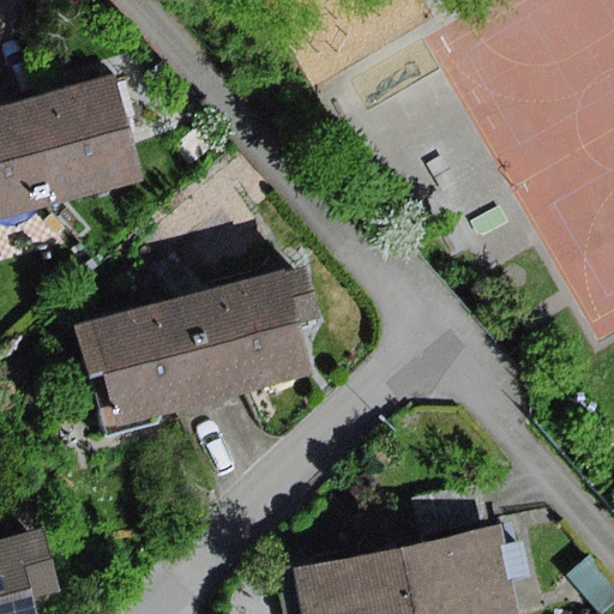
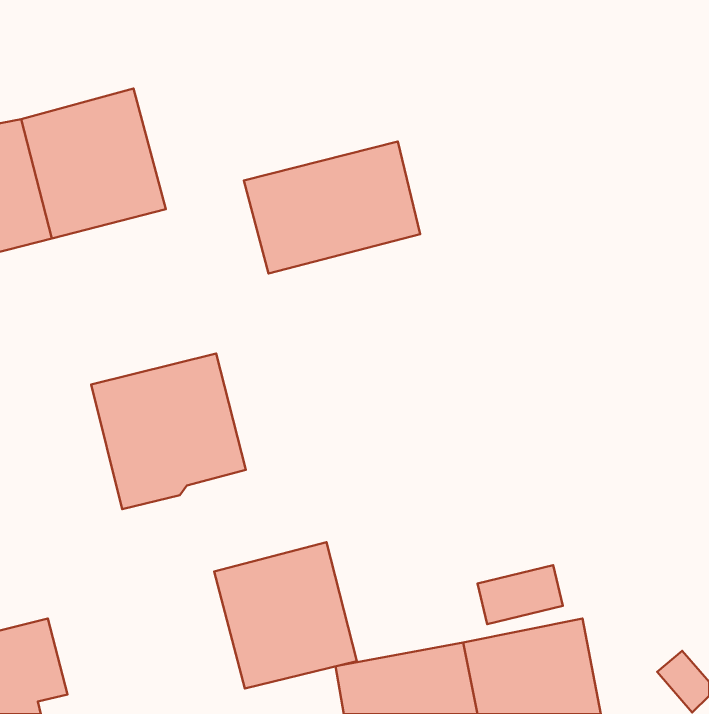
building: none -> [244,142,420,273]
building: [185,269,319,402] -> none
building: none -> [214,542,357,689]

